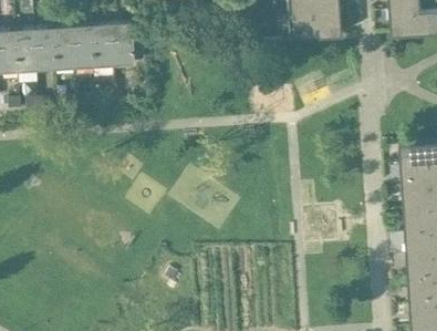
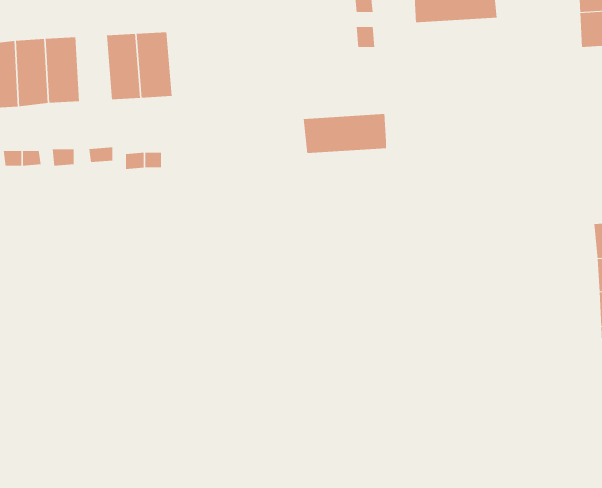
building: [287,14,340,40] -> [303,113,387,154]
building: [72,25,94,68] -> none

